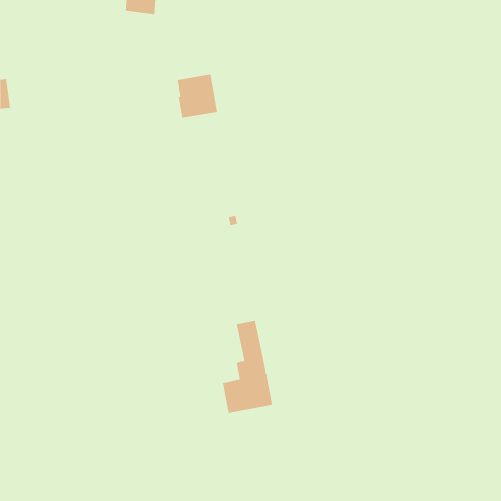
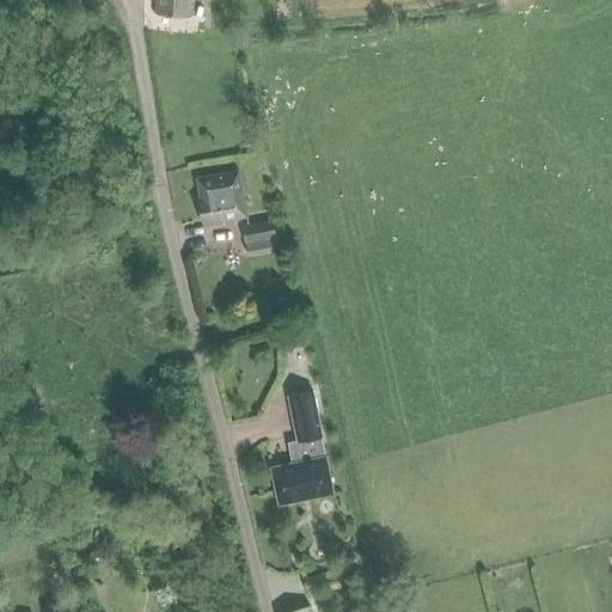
building: [177,74,218,118] -> [195,169,245,222]
building: none -> [240,218,276,252]

